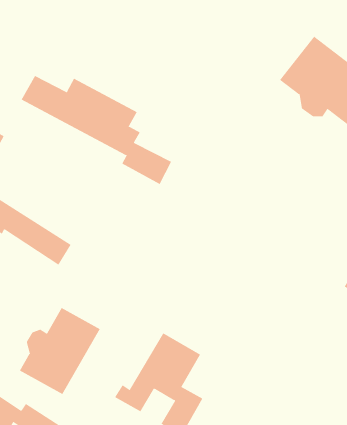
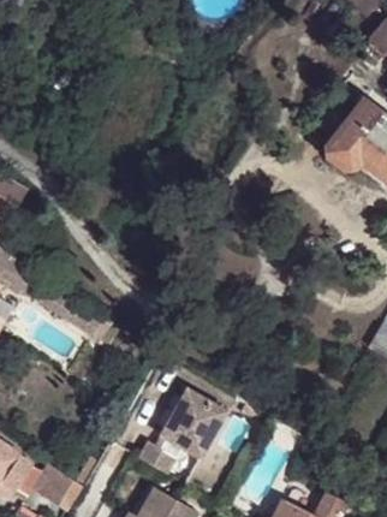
building: [21,75,172,185] -> none
building: [19,307,101,395] -> none

